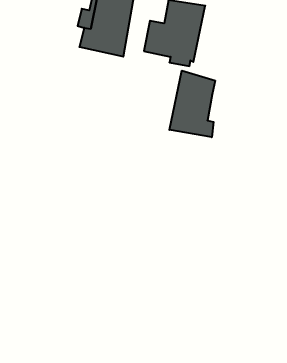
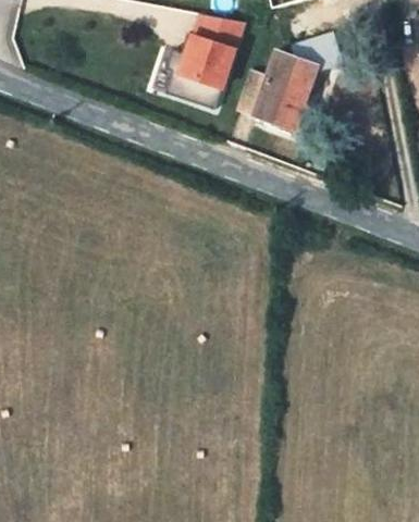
building: [169,71,215,137] -> none

